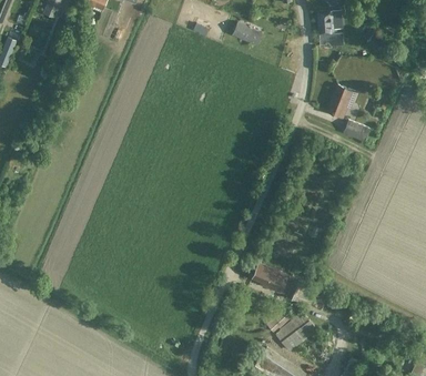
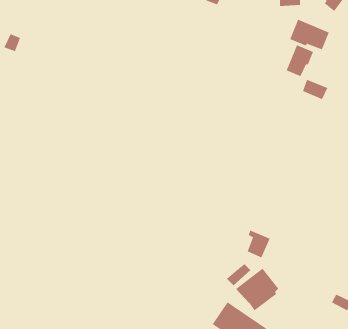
building: none -> [290,19,330,50]
building: [252,262,287,292] -> none

